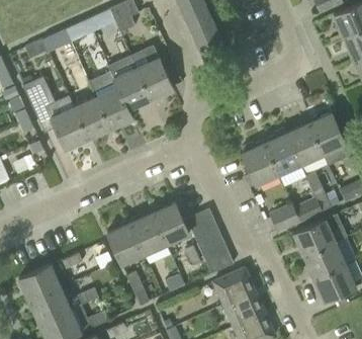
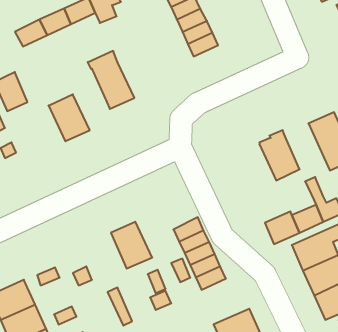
building: [135,50,173,99] -> none
building: [89,73,132,129] -> none
building: [51,95,88,149] -> none
building: [286,122,323,164] -> none
building: [240,140,279,187] -> none
building: [152,201,189,244] -> none
building: [107,222,144,264] -> none
building: [212,267,255,305] -> none

